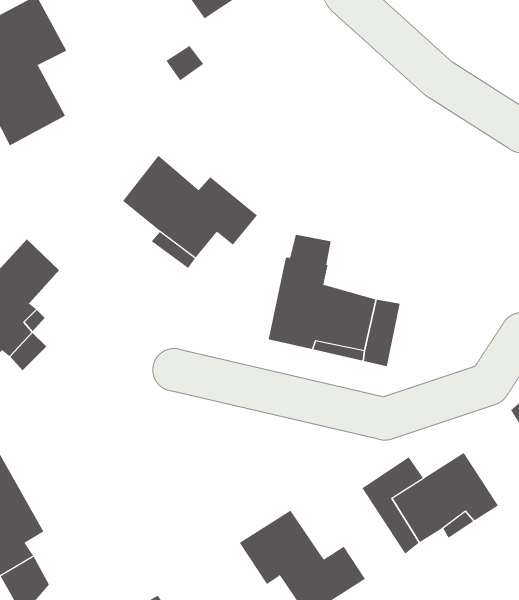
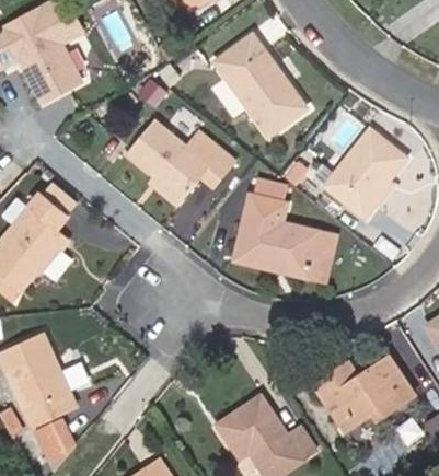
building: none -> [217,37,305,136]
building: none -> [326,130,403,214]

